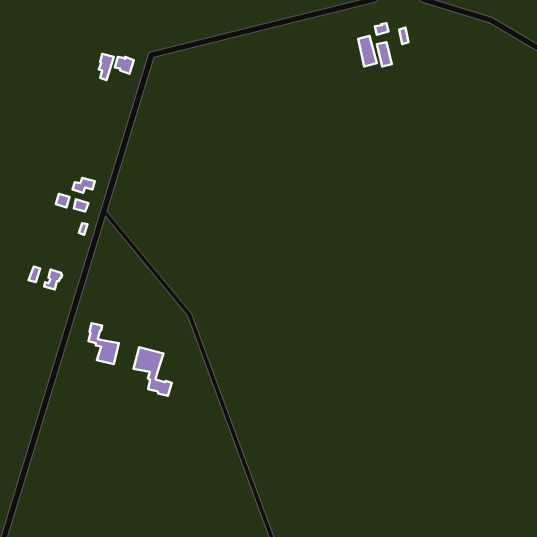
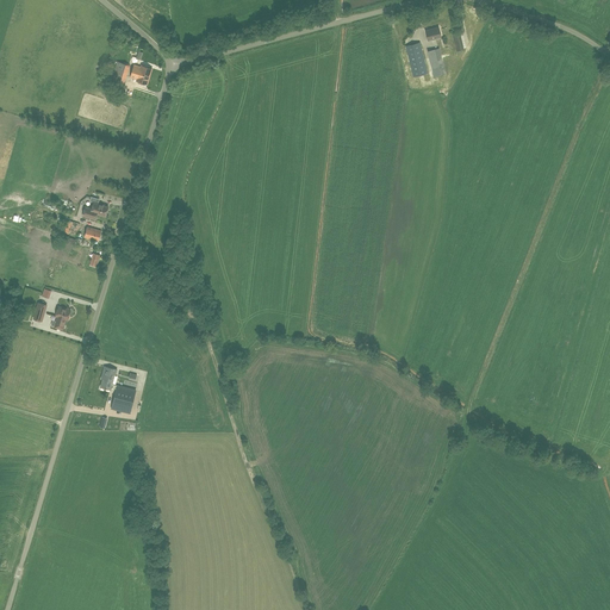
building: [134,347,172,396] -> none

